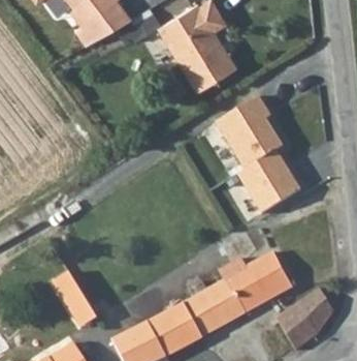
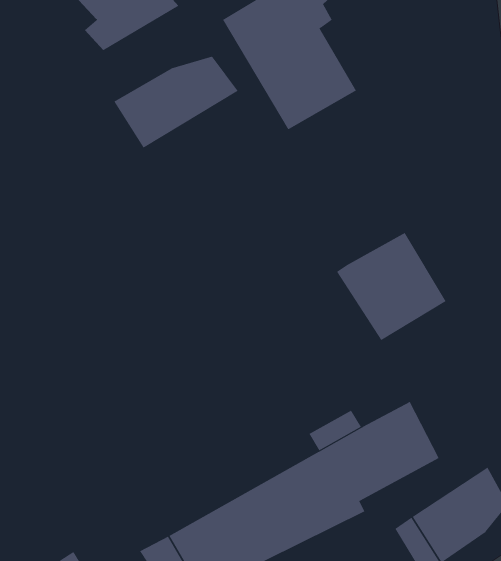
building: none -> [113,56,238,148]
building: [206,95,277,170] -> none
building: [54,271,101,329] -> none

